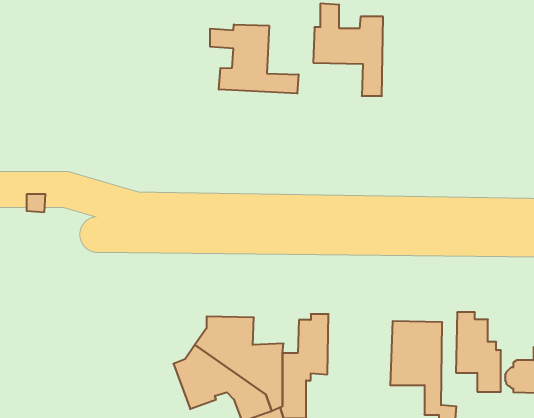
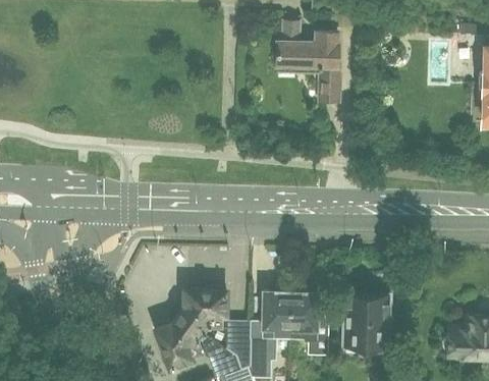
building: [210,24,299,94] -> none
building: [456,312,501,392] -> [289,286,328,355]

